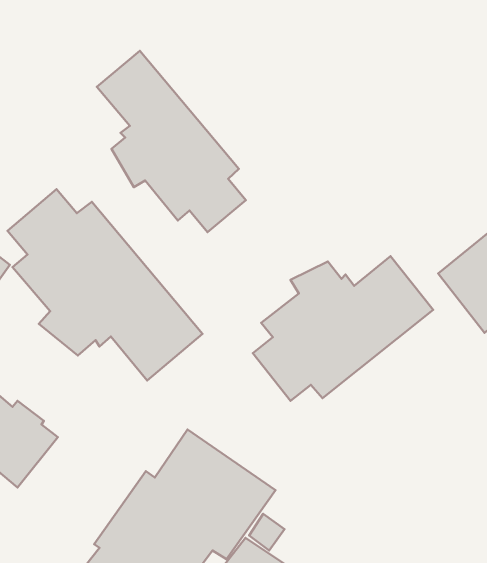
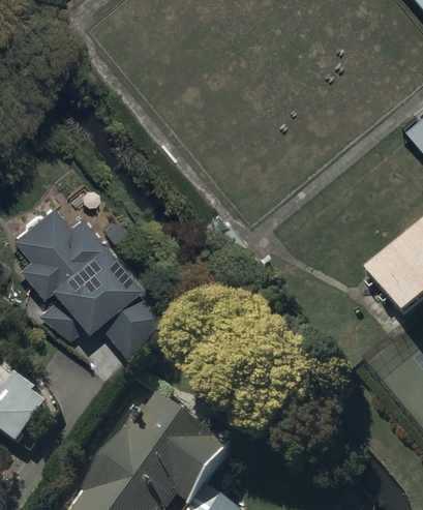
building: [97,51,246,232] -> none
building: [253,256,433,401] -> none

